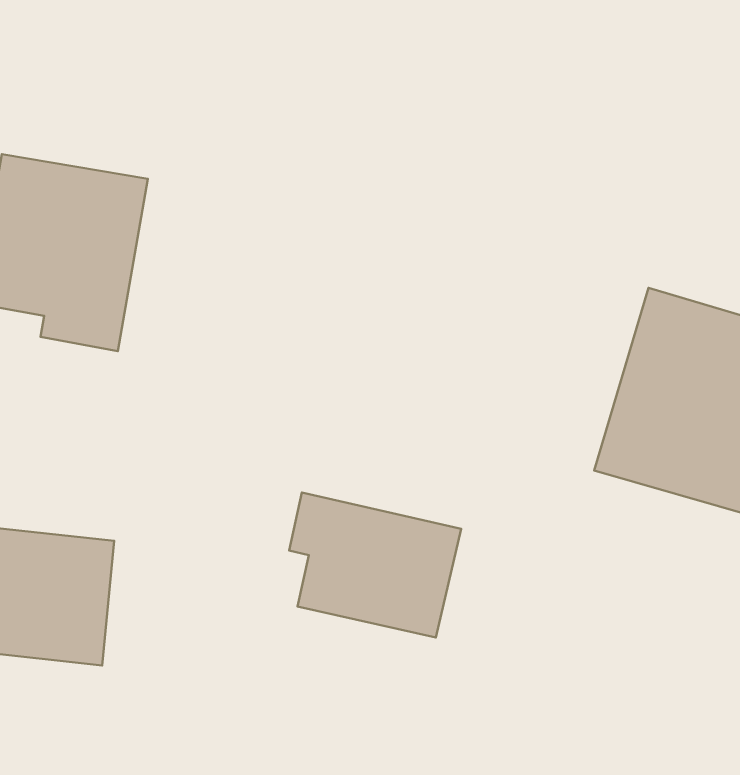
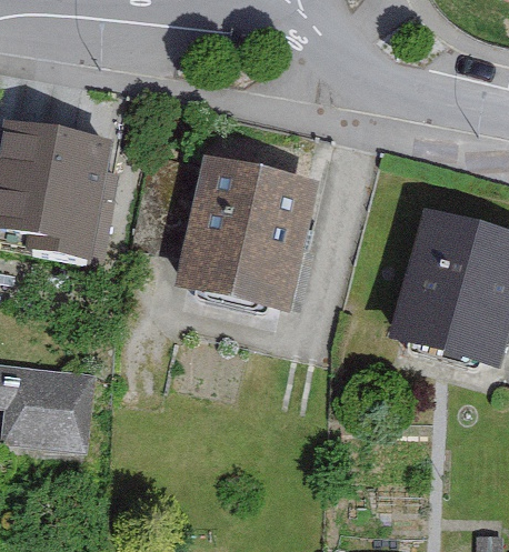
building: none -> [183,160,315,300]
building: [289,493,461,638] -> none

